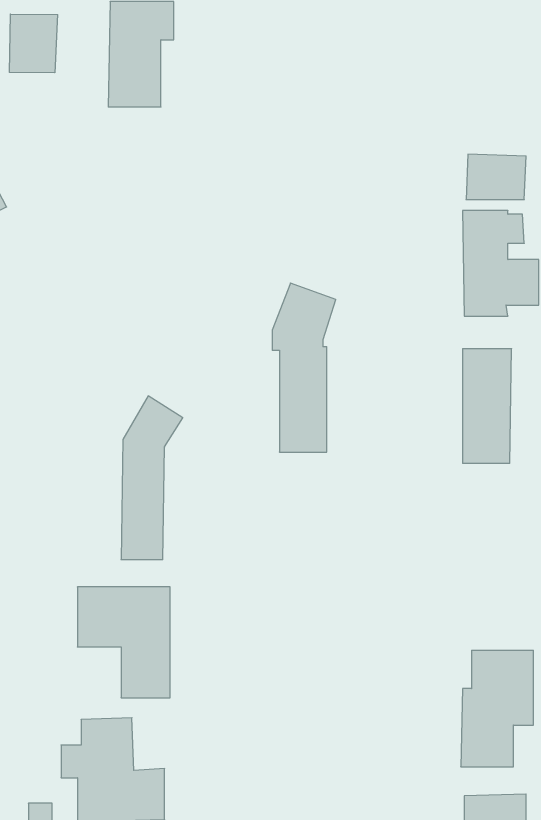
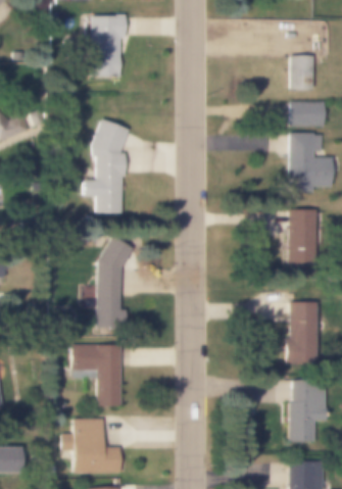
building: [9,14,58,73] -> none
building: none -> [291,54,314,89]
building: [272,283,336,452] -> [93,118,129,213]
building: none -> [286,301,316,363]

